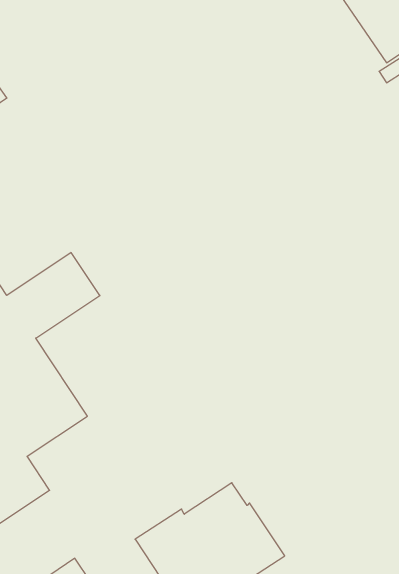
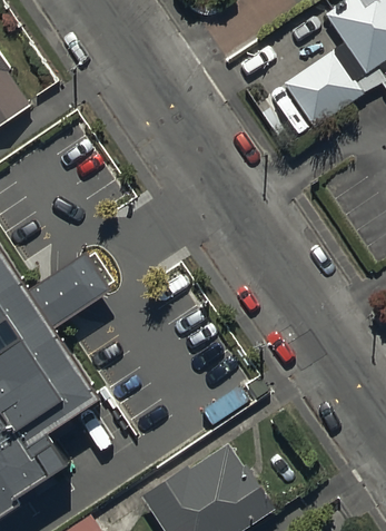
building: none -> [284,51,365,129]

